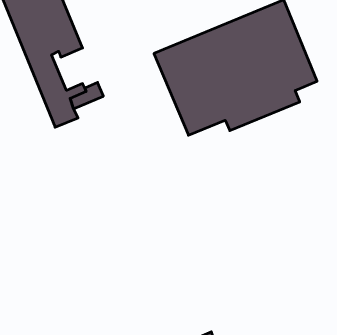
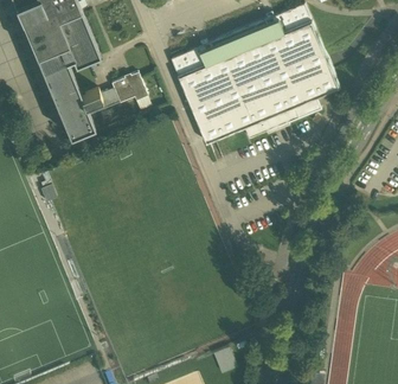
building: none -> [110,73,145,103]

